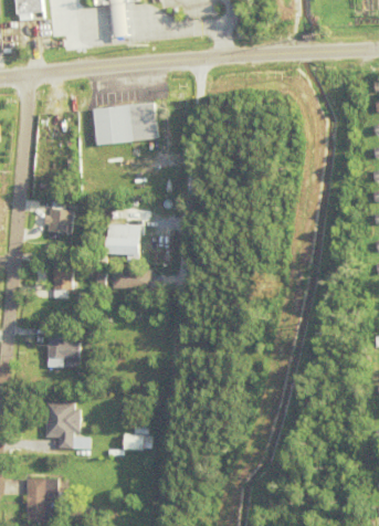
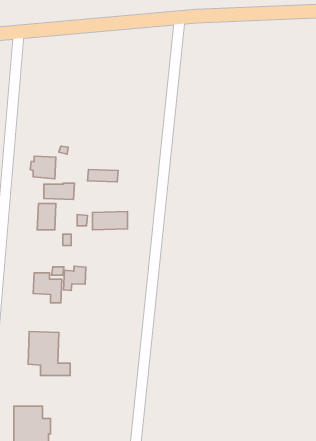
building: [92,104,156,146] -> none
building: [105,239,138,256] -> [44,183,74,199]
building: none -> [64,266,86,291]
building: [119,424,146,448] -> none

